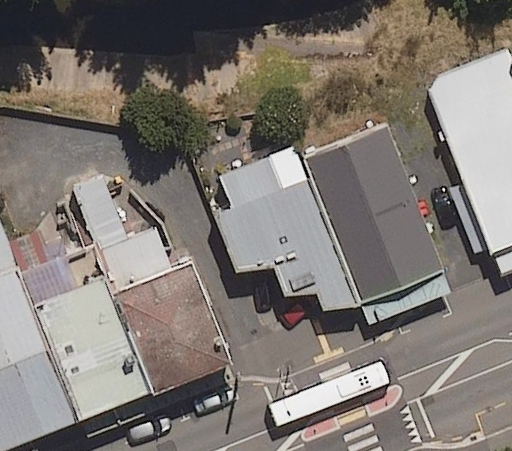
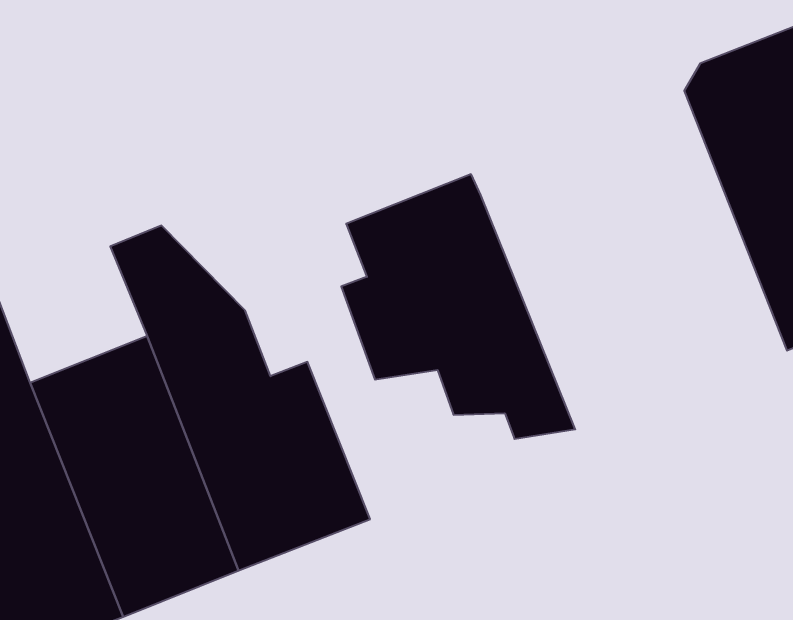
building: [301,126,443,305] -> none

